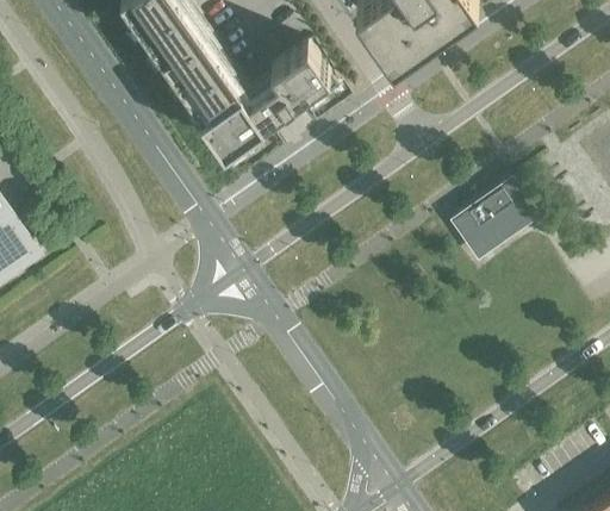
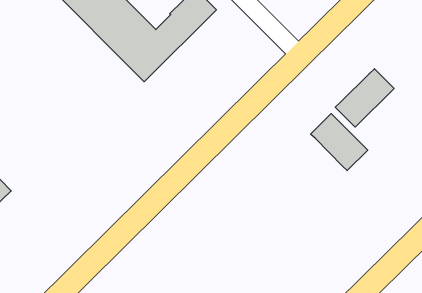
building: none -> [311,114,368,171]

